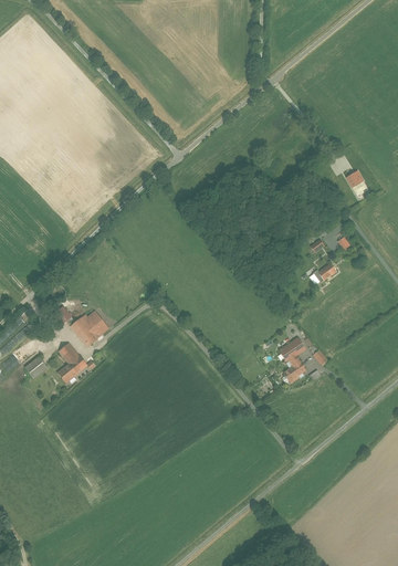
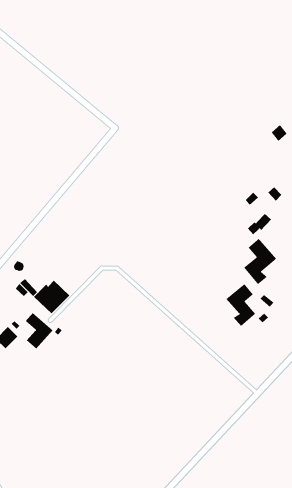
building: none -> [243,238,277,285]

